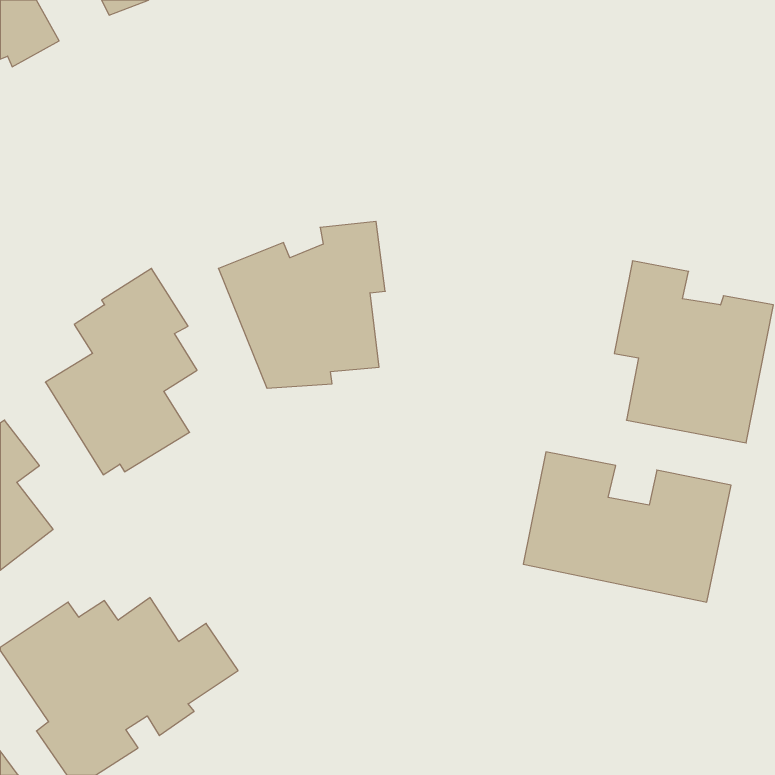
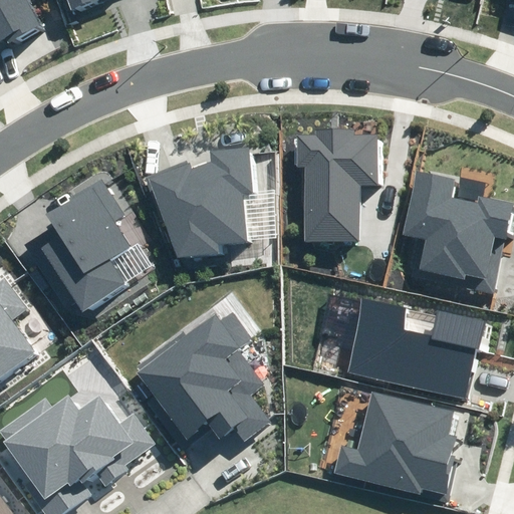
building: none -> [297,128,378,242]
building: none -> [131,310,274,446]
building: none -> [334,391,458,494]

